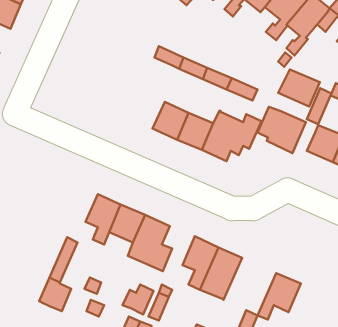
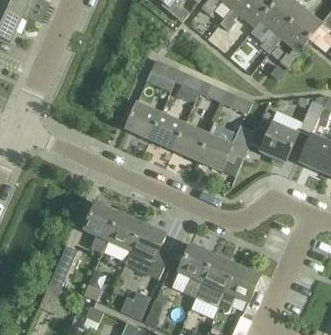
building: [278,69,320,107] -> none
building: none -> [125,102,161,139]
building: [258,273,301,320] -> [218,265,260,310]

